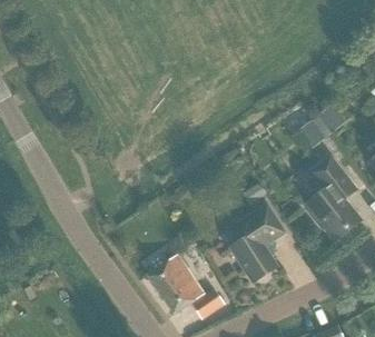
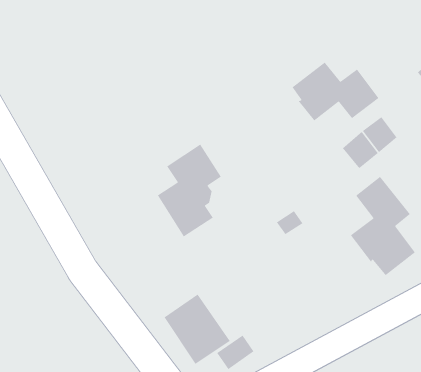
building: none -> [291,62,379,121]
building: [229,204,284,283] -> [157,144,222,238]

